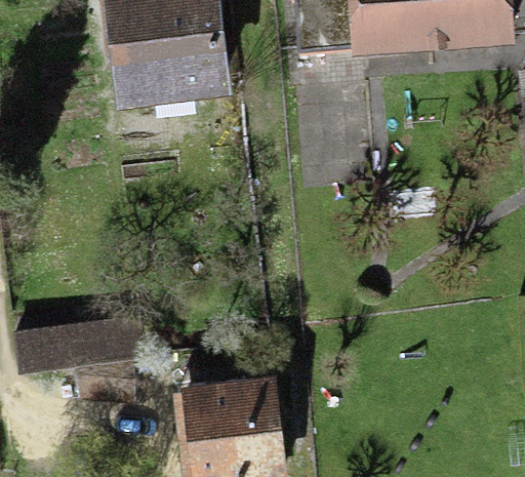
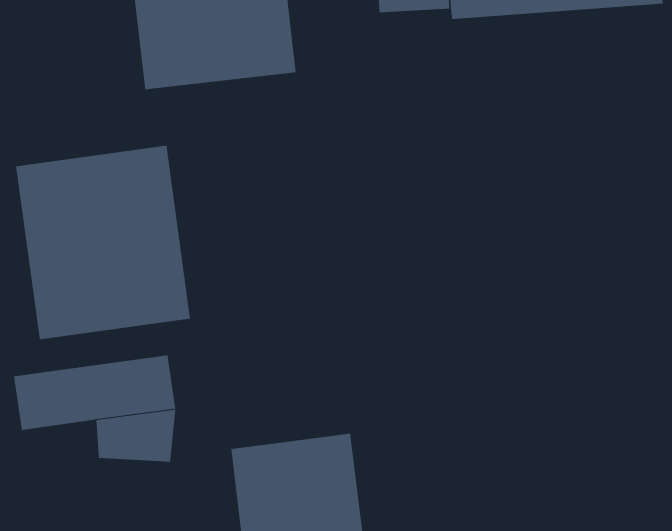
building: none -> [16,145,191,340]

